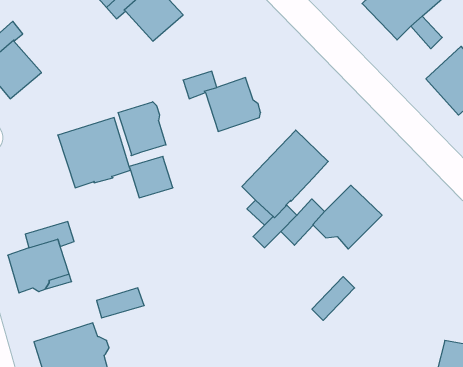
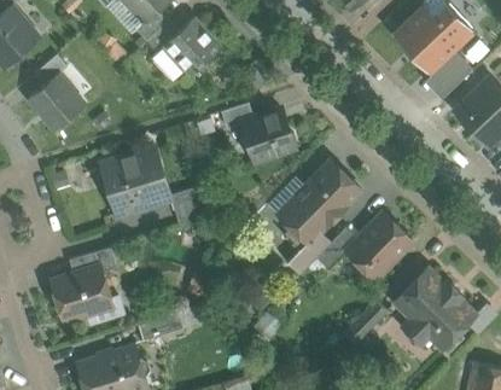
building: none -> [425,60,460,100]
building: [118,102,166,156] -> none
building: none -> [394,268,476,350]

